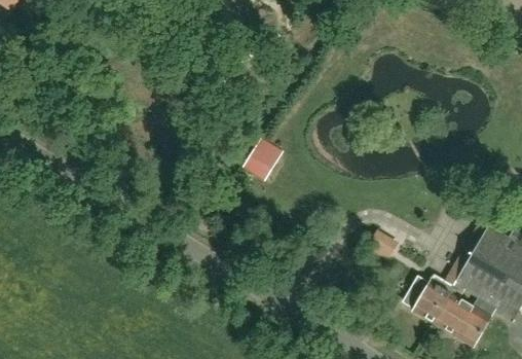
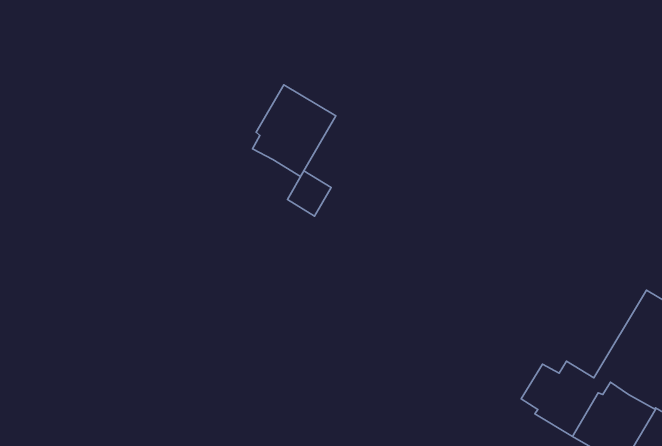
building: none -> [252,85,336,177]

